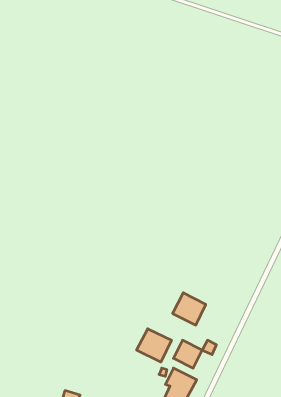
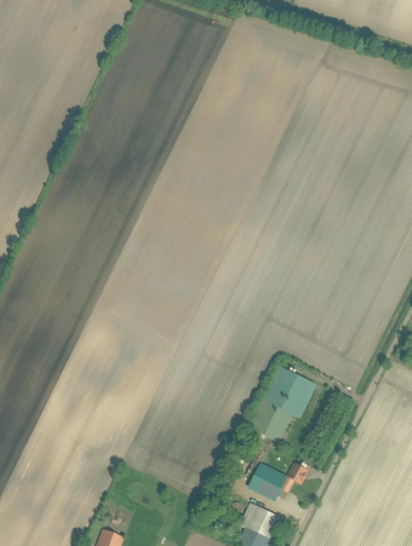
building: none -> [263,366,316,418]
building: [137,329,171,362] -> none

